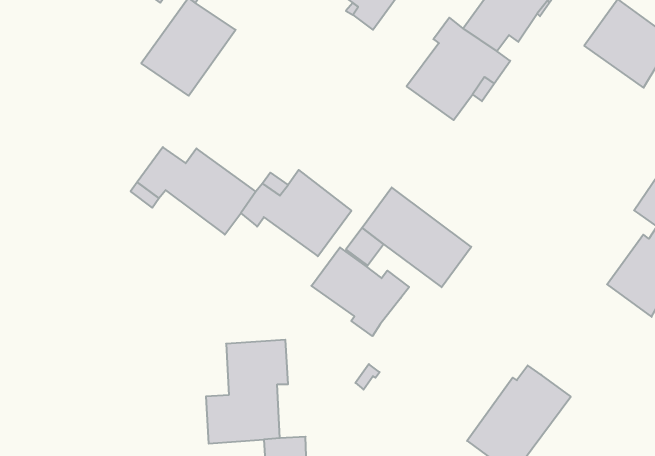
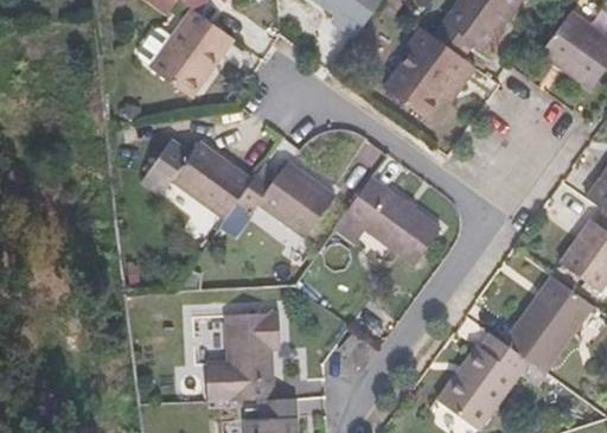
building: [311,247,409,336] -> none
building: none -> [503,275,593,372]

